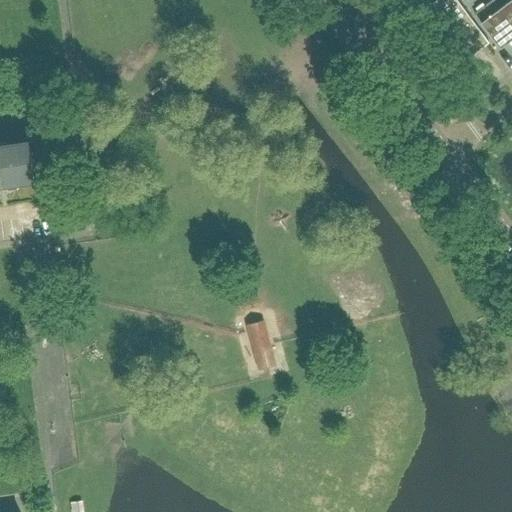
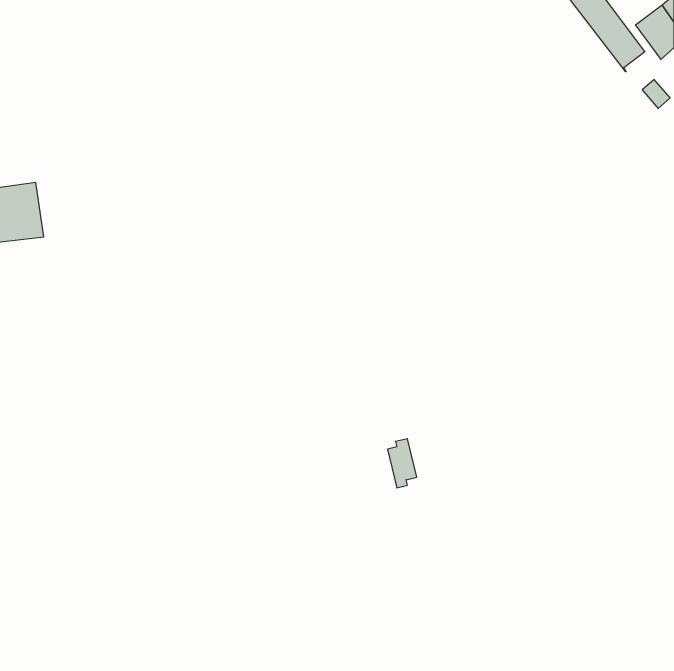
building: [249,323,271,360] -> [388,439,417,488]

